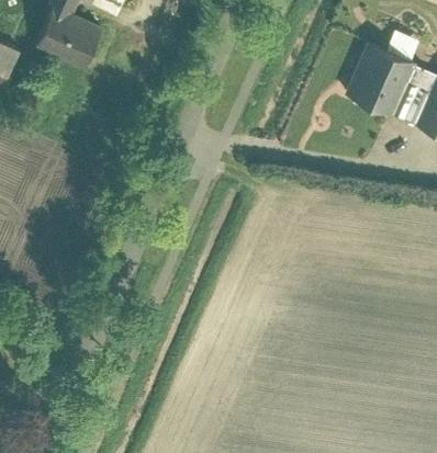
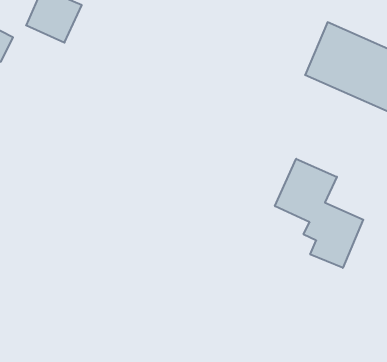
building: none -> [275,159,363,268]

